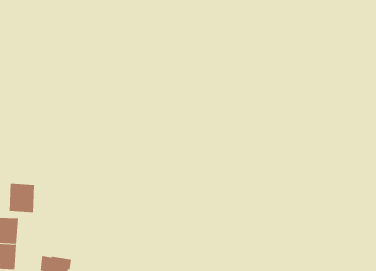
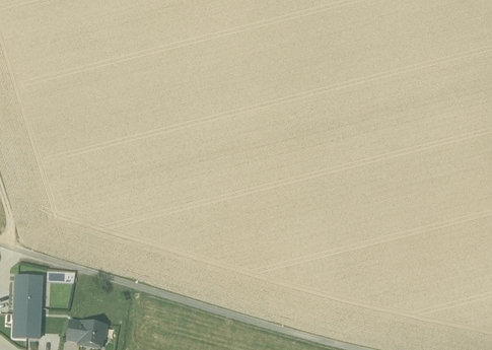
building: [9,183,35,213] -> none

